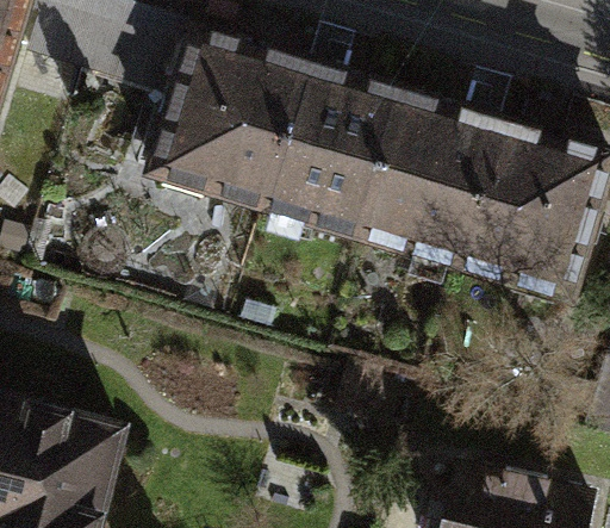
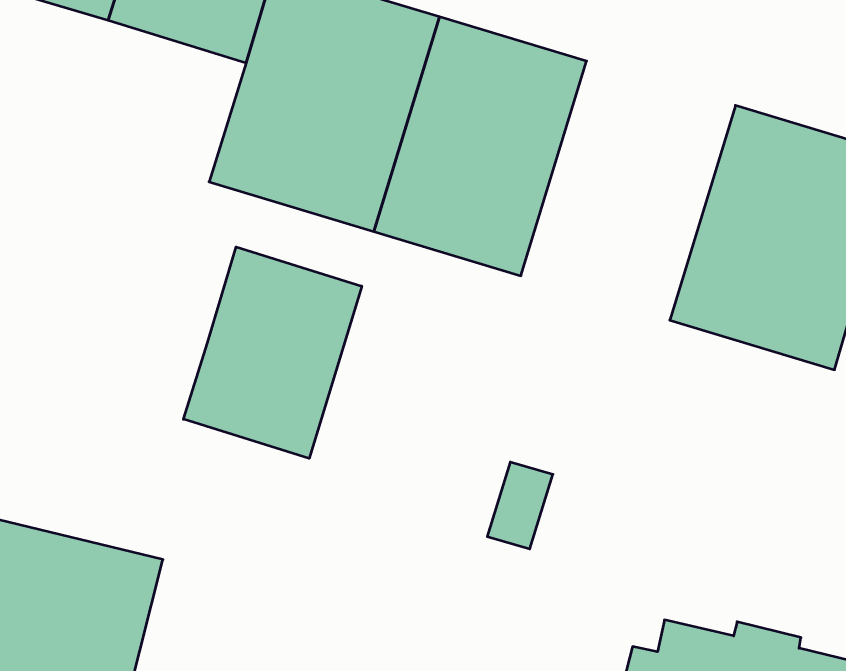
building: [359,93,503,267] -> none
building: none -> [183,247,362,458]

